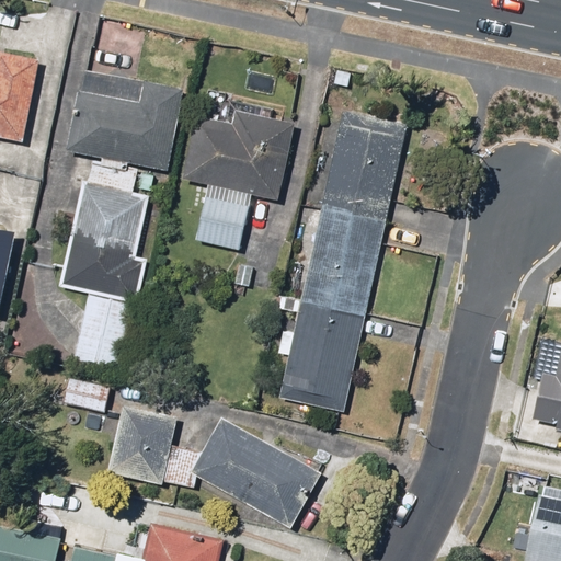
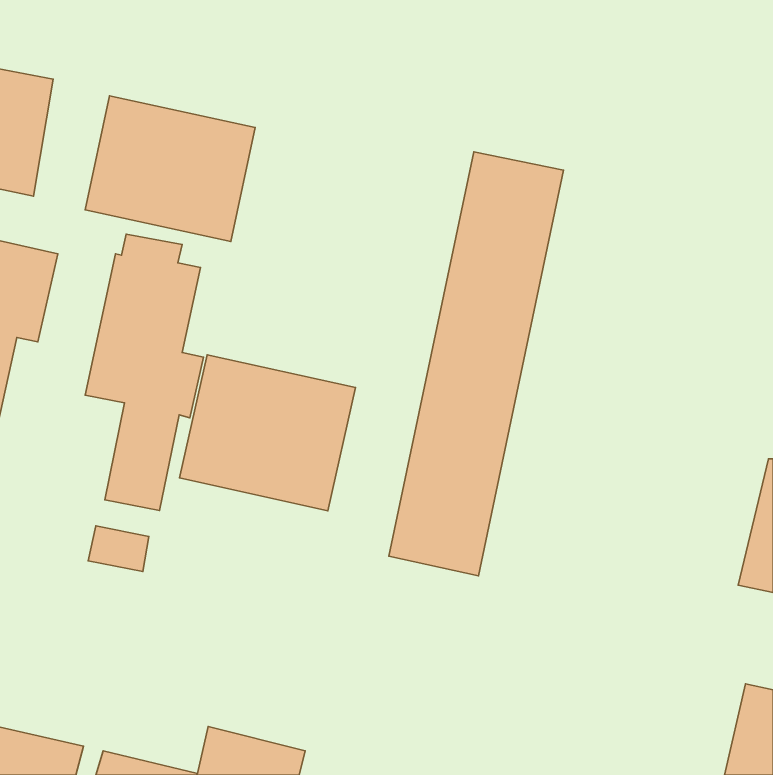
building: [180,111,291,245] -> none
building: none -> [179,355,356,511]
building: [107,390,319,527] -> none

